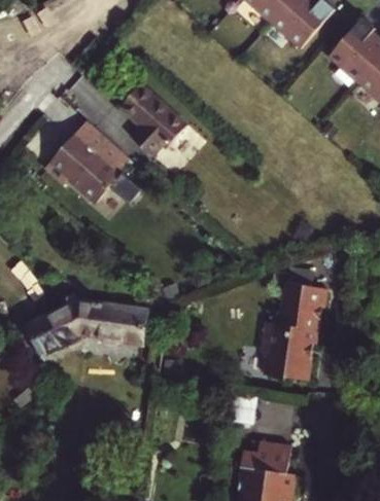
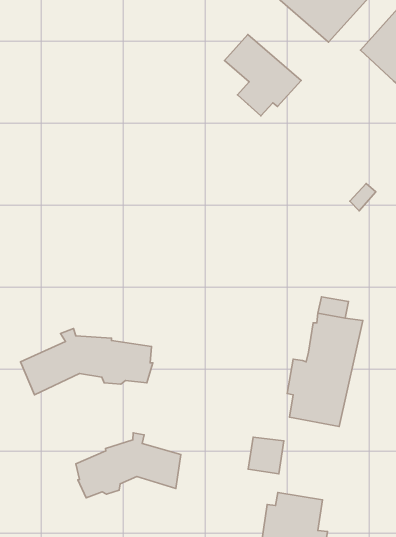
building: [120,85,187,156] -> [224,35,301,116]
building: [44,120,130,204] -> none
building: none -> [76,433,181,498]

